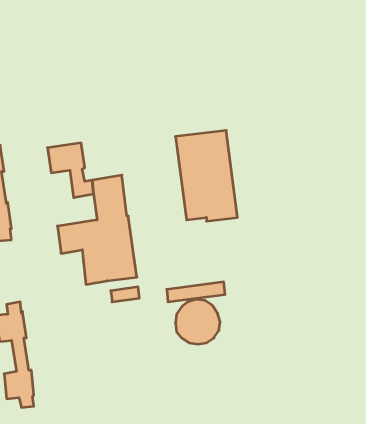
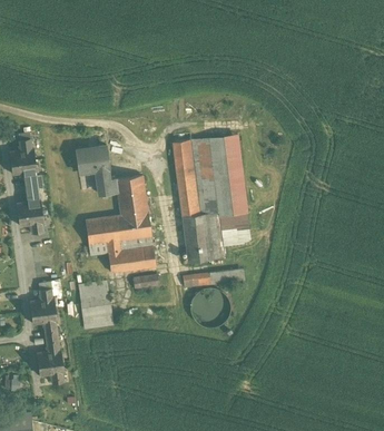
building: none -> [173,140,224,263]
building: none -> [78,282,112,326]

